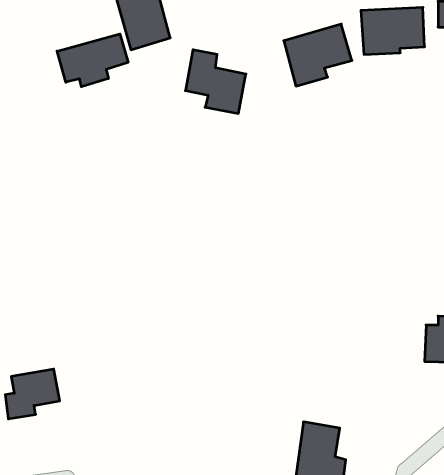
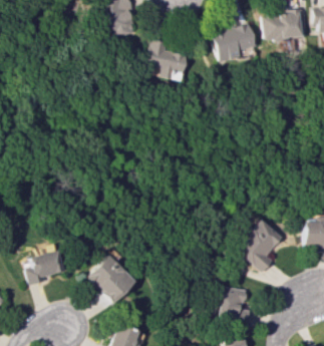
building: [57,34,128,87] -> none
building: none -> [232,220,282,272]
building: none -> [85,254,134,303]

